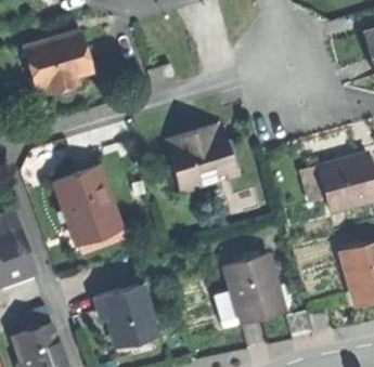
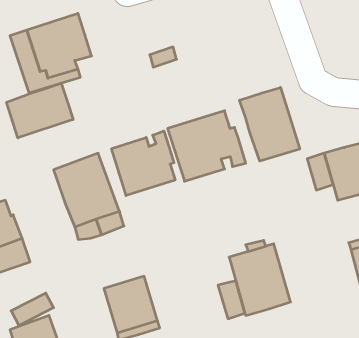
building: none -> [7,83,73,138]
building: none -> [240,87,300,161]
building: none -> [112,131,175,196]

